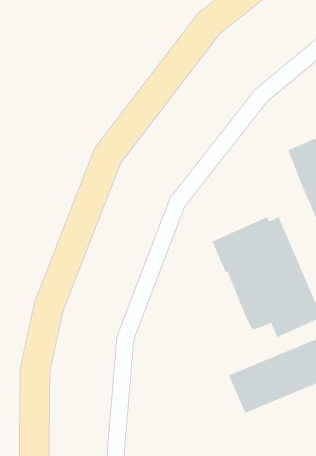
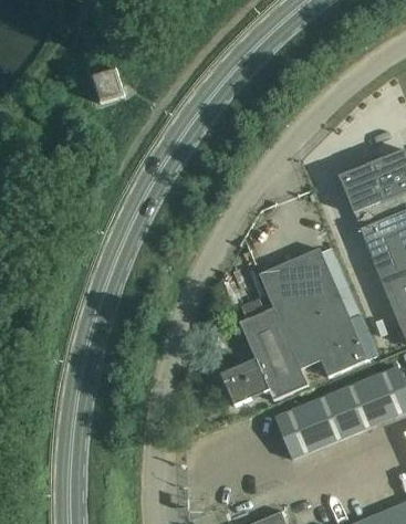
building: none -> [92,69,125,103]
building: none -> [221,274,309,406]

